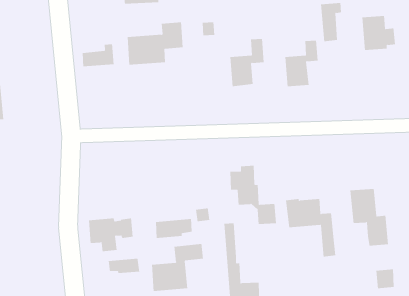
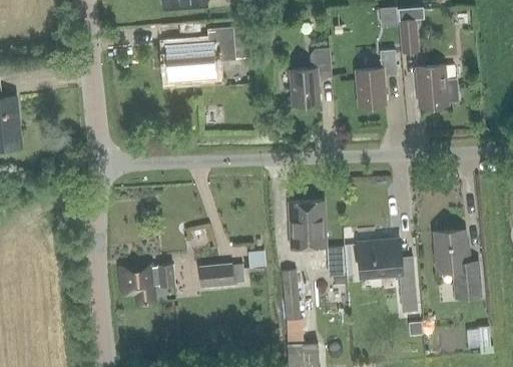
building: [362,15,396,50] -> [416,66,457,108]
building: [82,43,114,67] -> none
building: [151,243,204,292] -> none
building: [108,258,140,274] -> none

